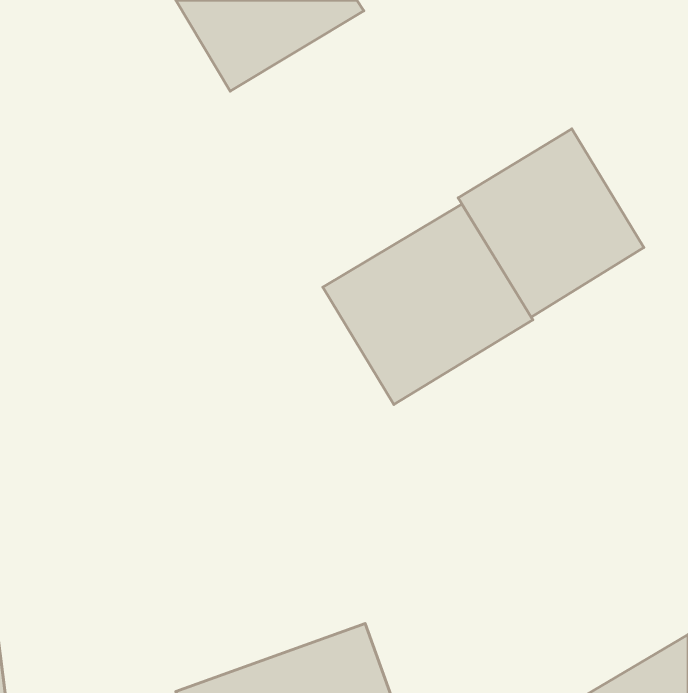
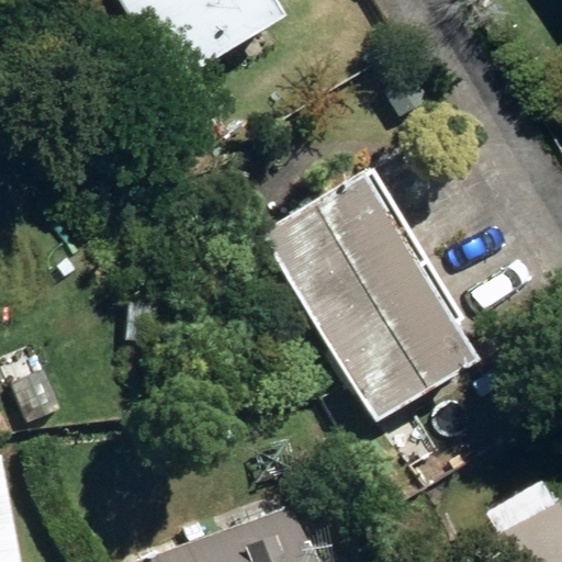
building: [458,129,644,317] -> none
building: none -> [317,260,486,419]

